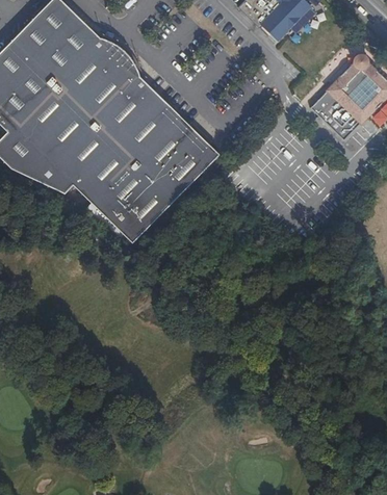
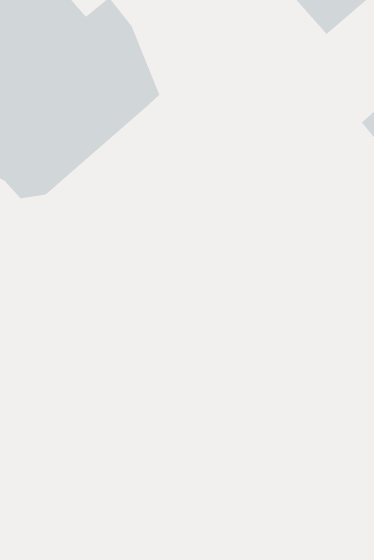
building: [74,104,216,241] -> none

